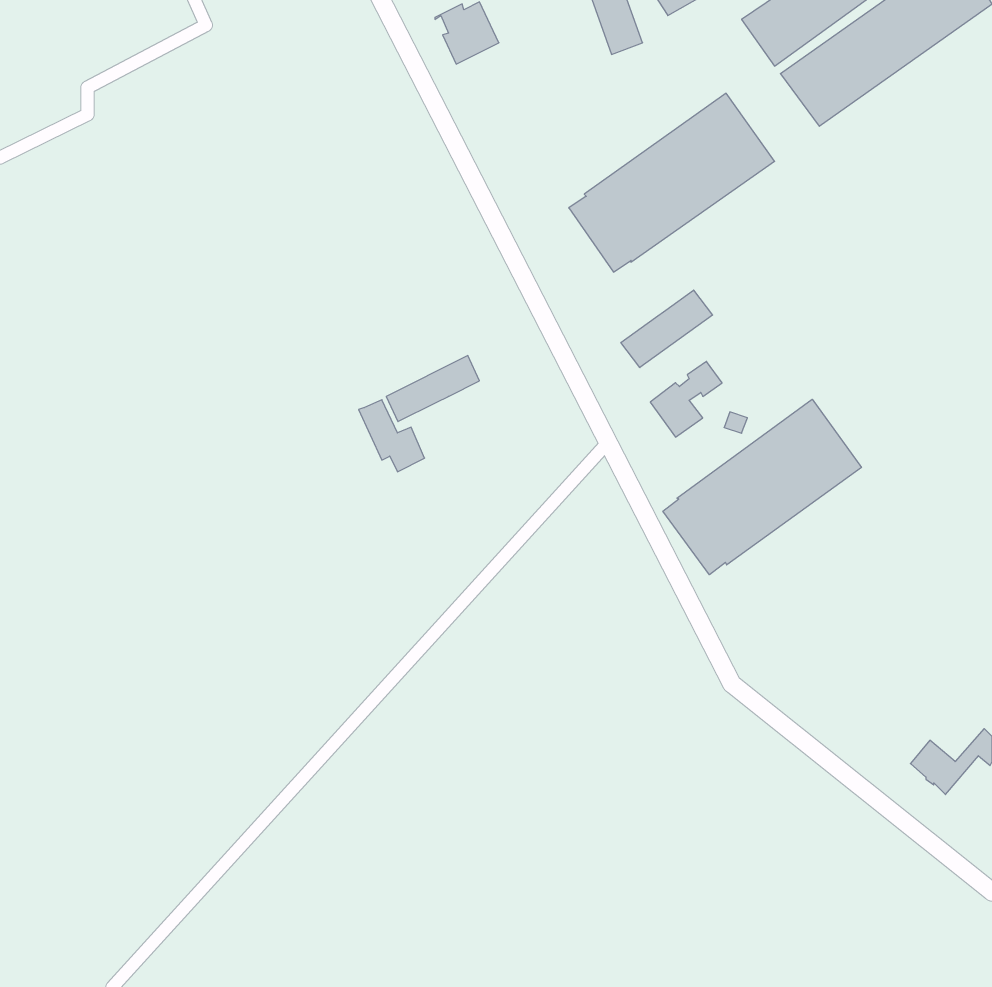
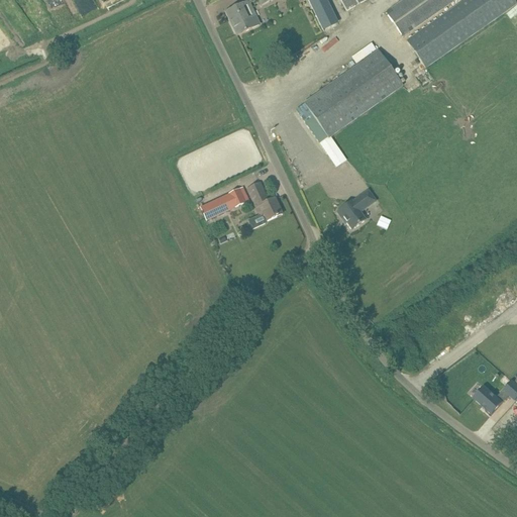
building: [621,290,713,368] -> none
building: [663,399,861,575] -> none
building: [359,400,425,472] -> [247,182,282,219]

